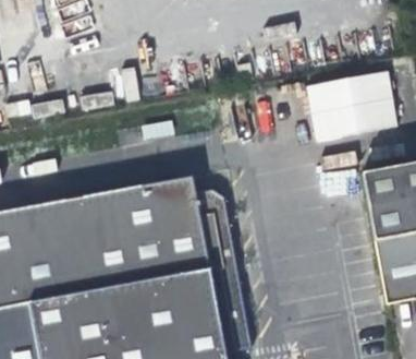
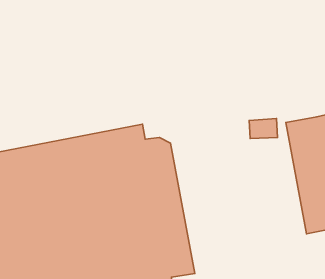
building: [304,70,397,141] -> none

